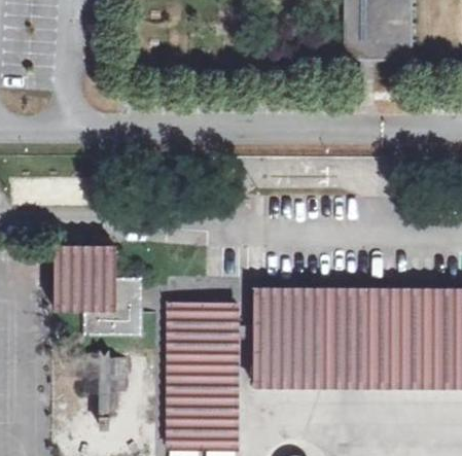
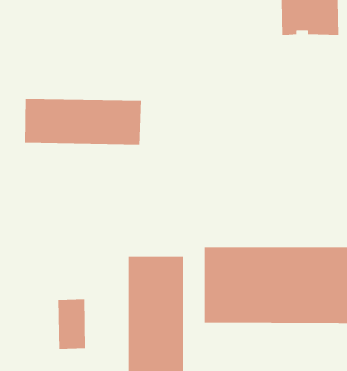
building: none -> [24,98,142,145]
building: [55,248,140,331] -> none

